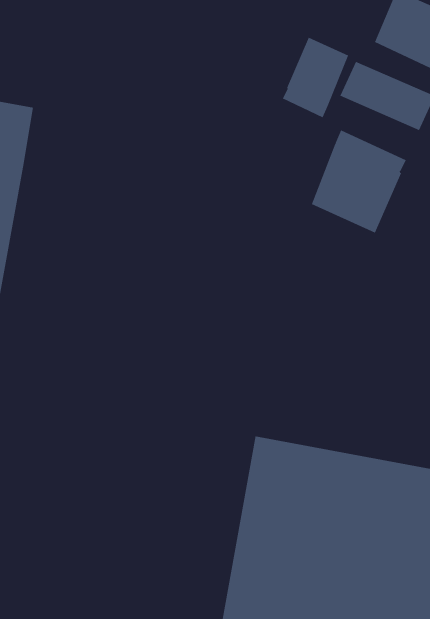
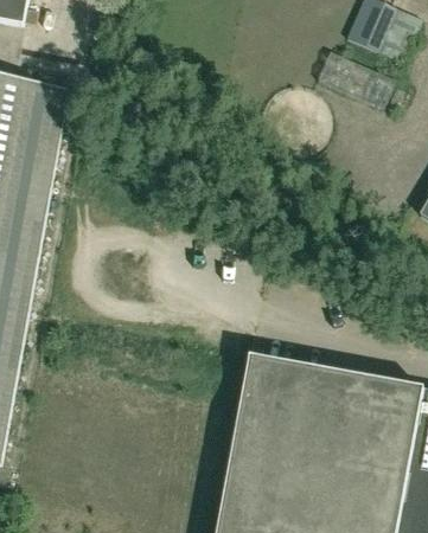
building: [282,37,349,118] -> none
building: [311,130,407,233] -> none

